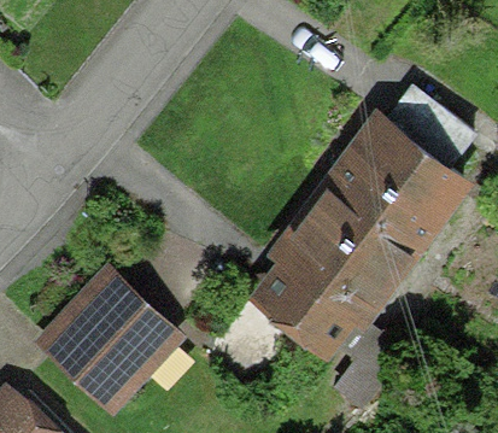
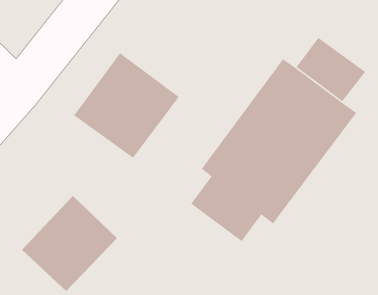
building: none -> [73,52,180,159]

